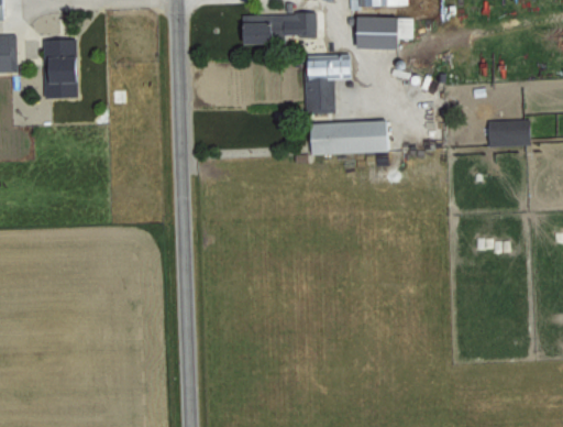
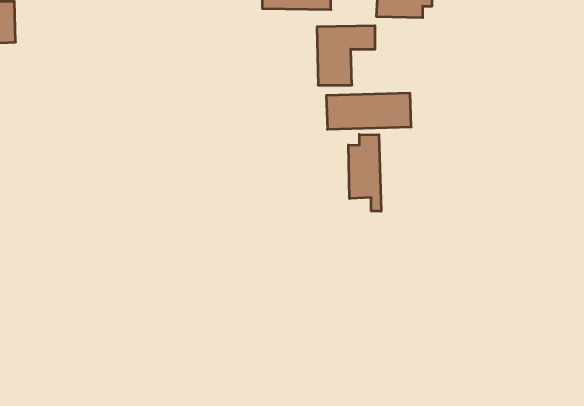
building: [42,39,79,98] -> none
building: [486,120,531,146] -> none
building: none -> [348,134,381,211]

